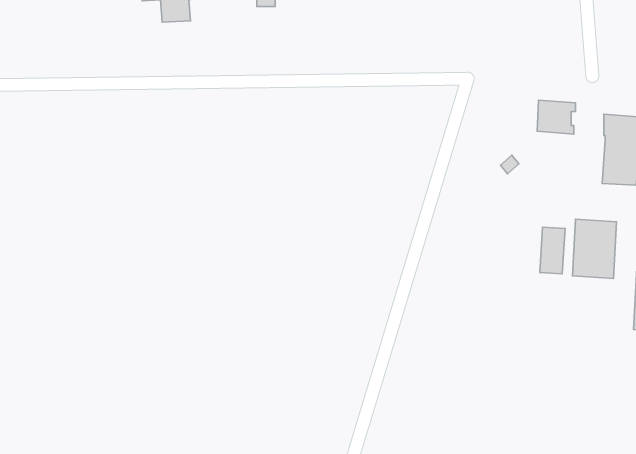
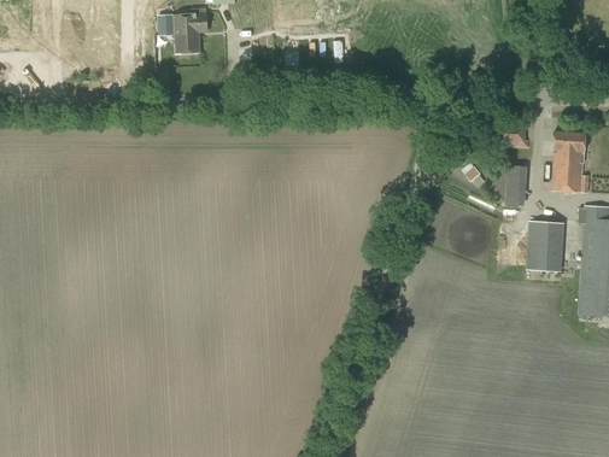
building: [540,227,565,274] -> [505,164,527,204]

